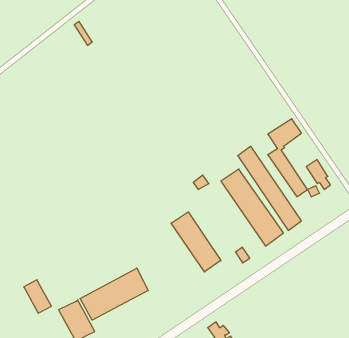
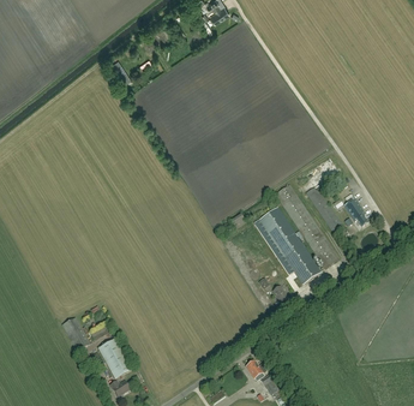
building: [171,212,221,272] -> none
building: [80,268,148,320] -> none

